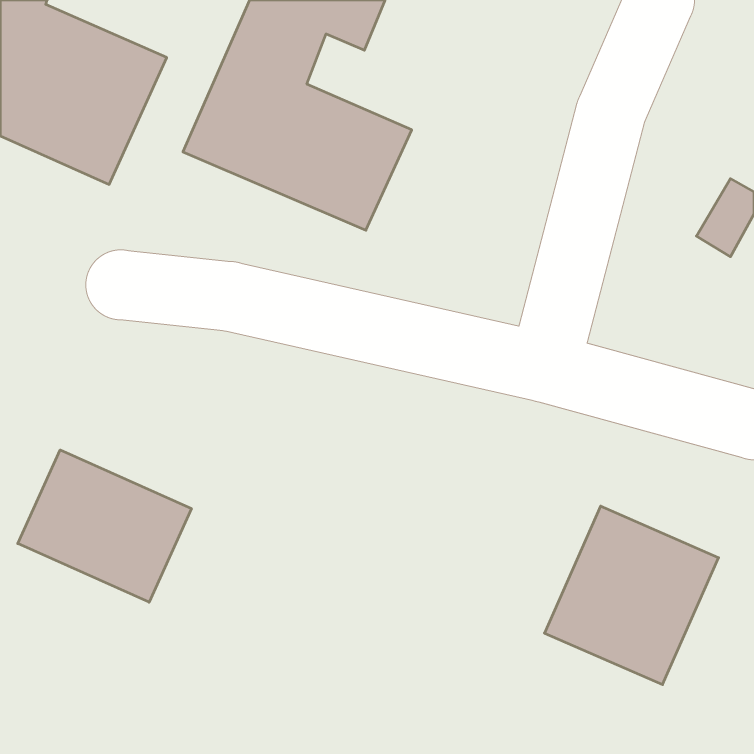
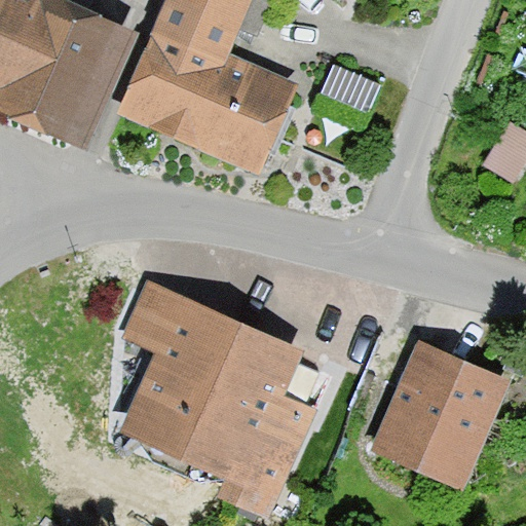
building: none -> [134,295,300,511]
building: [18,450,191,602] -> none

